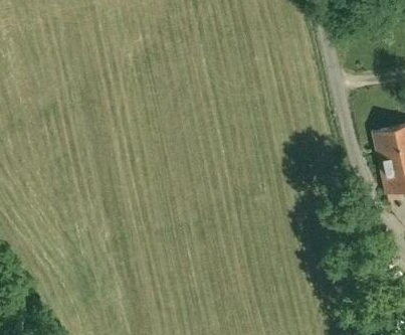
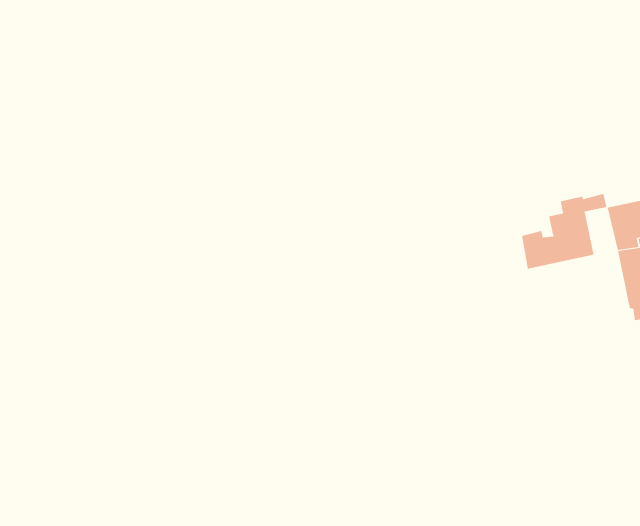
building: none -> [521,193,607,269]

